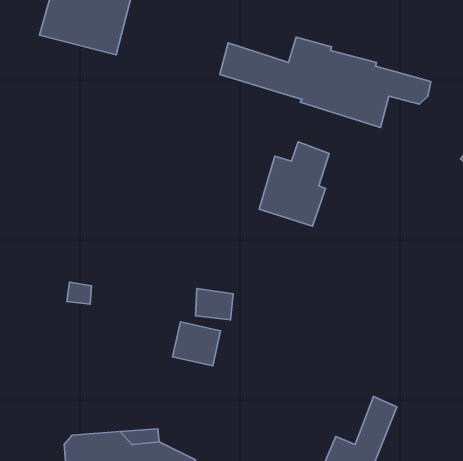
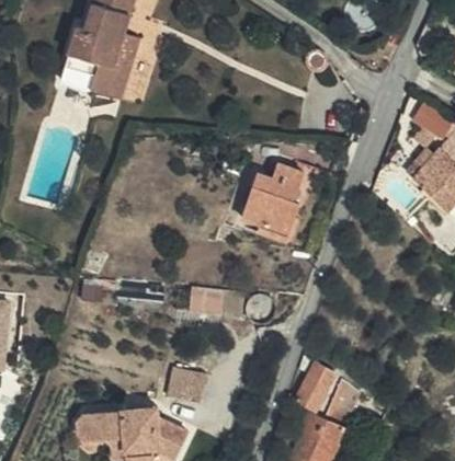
building: [220,37,431,128] -> none
building: [173,322,221,366] -> [169,365,209,402]
building: none -> [289,358,335,413]

